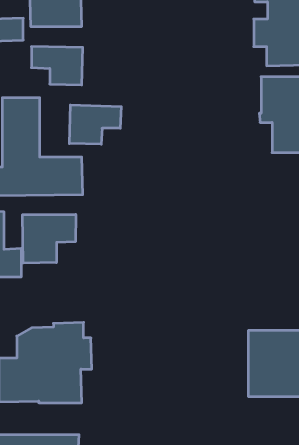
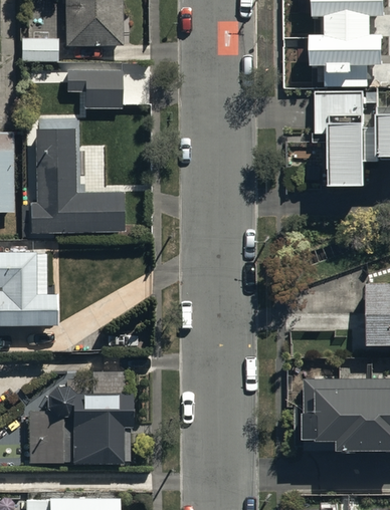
building: [69,105,121,144] -> none
building: [23,214,76,263] -> none

